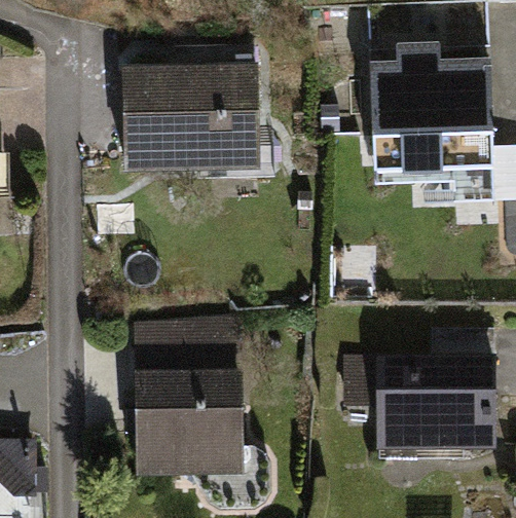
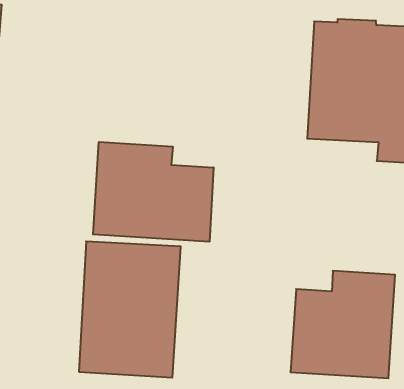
building: [122,66,261,172] -> none
building: none -> [93,142,214,242]

